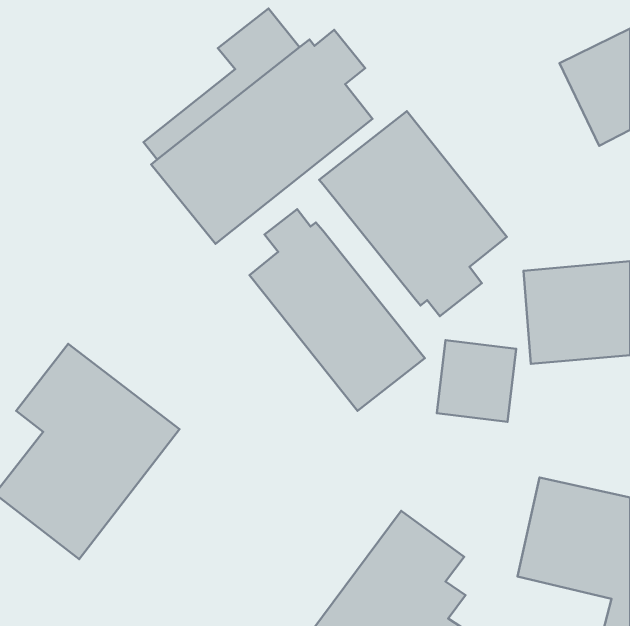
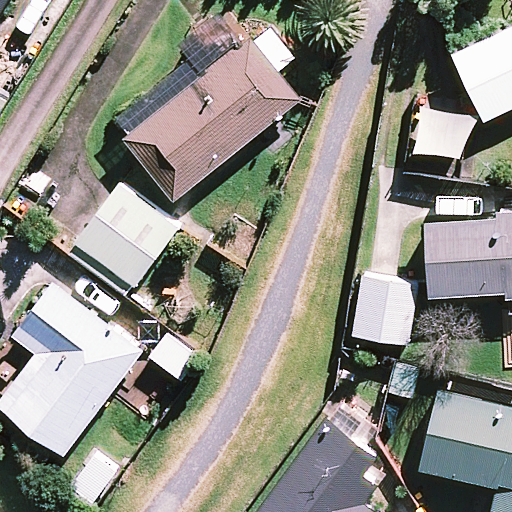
building: [319,111,507,316] -> none
building: [249,209,425,411] -> none
building: none -> [68,187,177,298]

